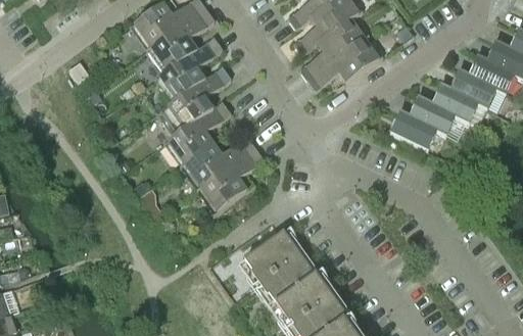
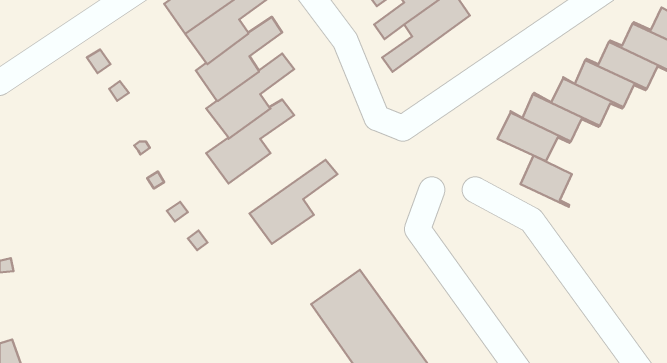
building: [307,34,383,88] -> none
building: [180,134,255,188] -> none
building: none -> [520,155,572,207]

